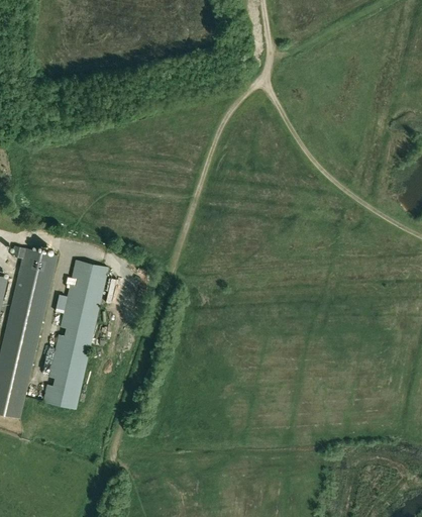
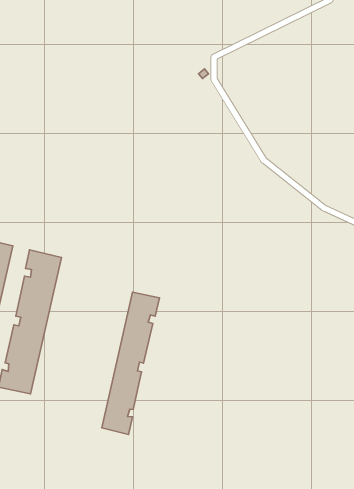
building: none -> [102,292,160,434]

